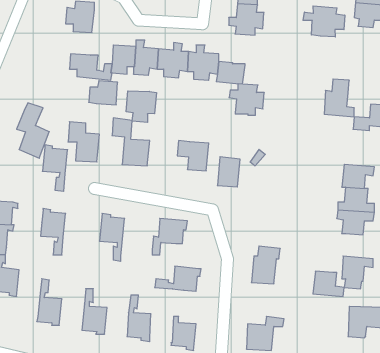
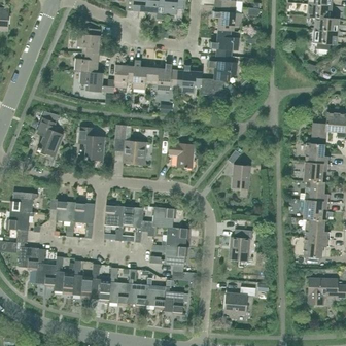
building: [303,6,345,37] -> none
building: [324,79,354,117] -> [305,133,330,164]
building: [89,81,118,105] -> [74,53,98,72]
building: [229,84,264,115] -> [208,55,237,80]
building: [126,91,156,122] -> none
building: [42,145,68,191] -> [74,200,95,238]
building: [217,157,240,187] -> [232,164,250,188]
building: none -> [123,204,143,242]
building: none -> [162,227,188,247]
building: none -> [35,248,56,286]
building: [313,271,344,296] -> [304,218,330,239]
building: none -> [71,260,92,298]
building: none -> [108,267,128,305]
building: none -> [145,280,165,308]

